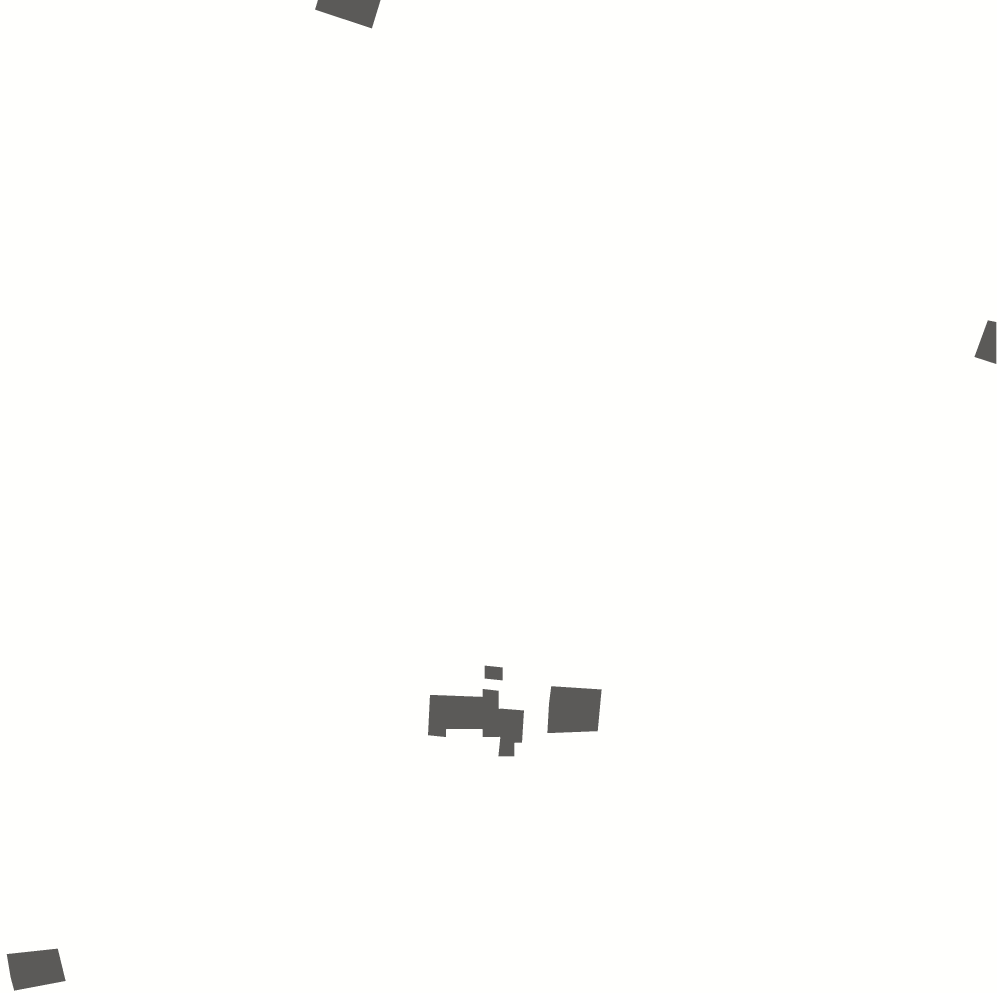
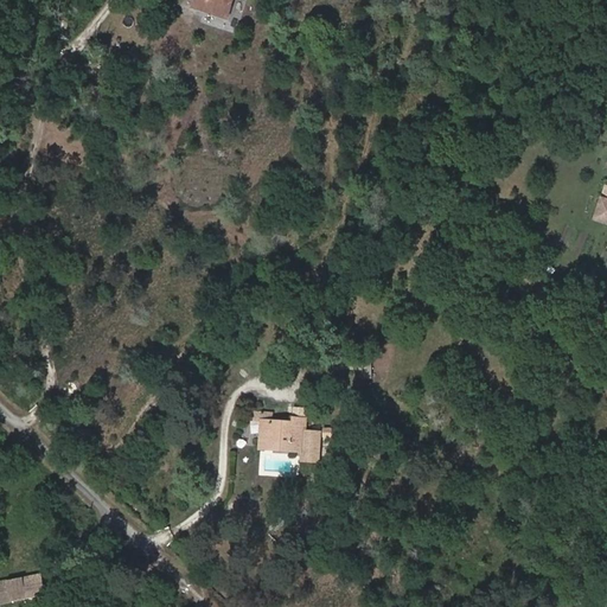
building: [547,686,602,734] -> none

